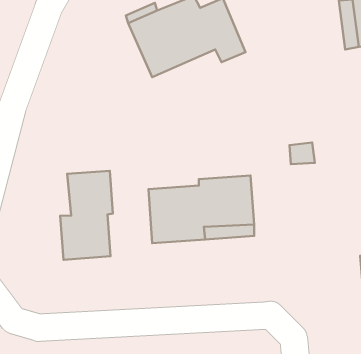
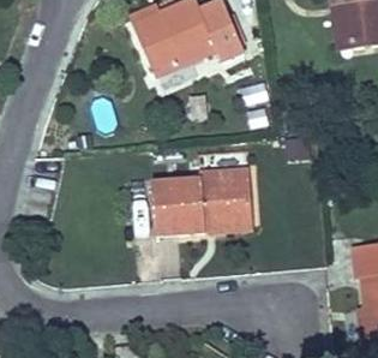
building: [60,171,113,260] -> none

